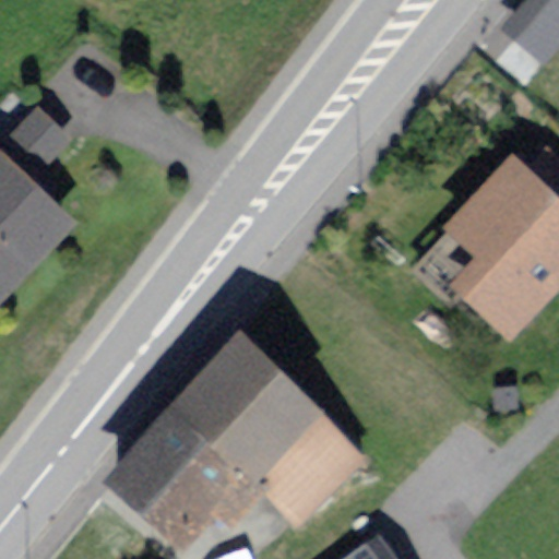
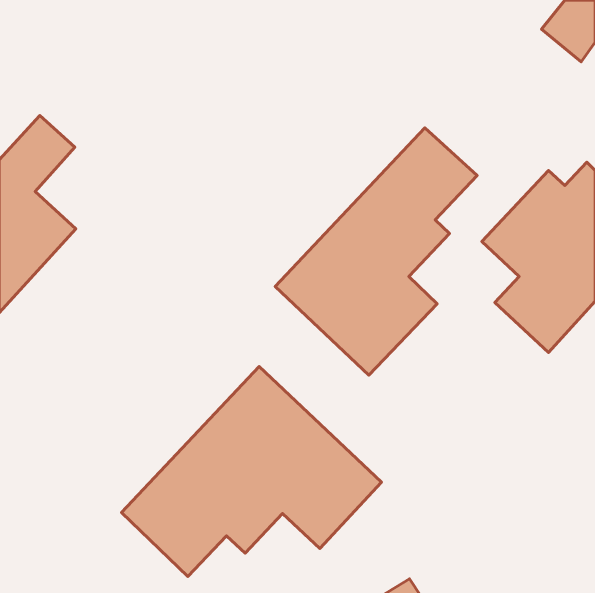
building: none -> [275,128,477,375]

